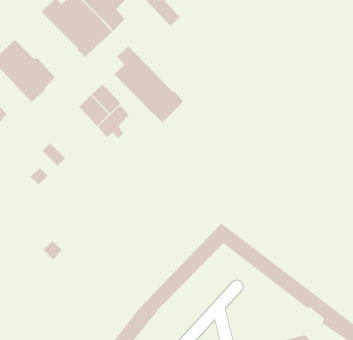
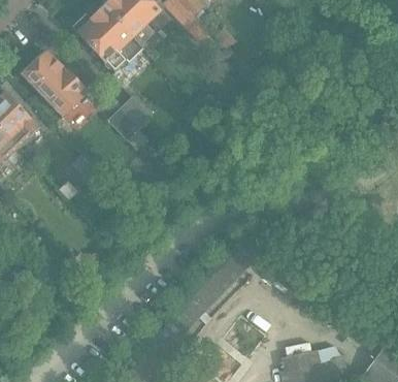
building: [113,45,184,123] -> none

